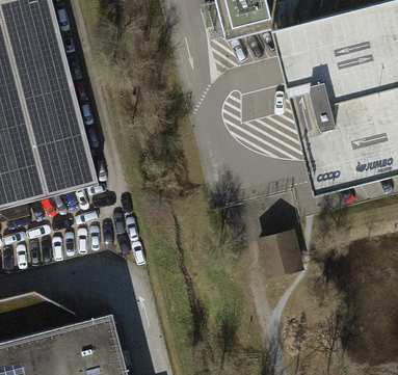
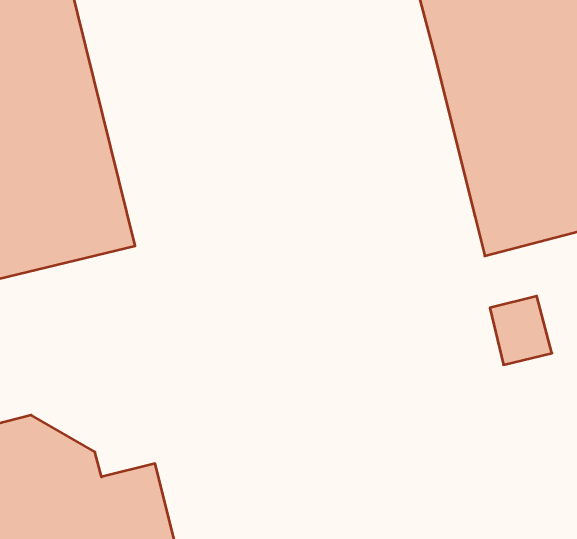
building: [263,231,301,273] -> [490,296,552,365]

